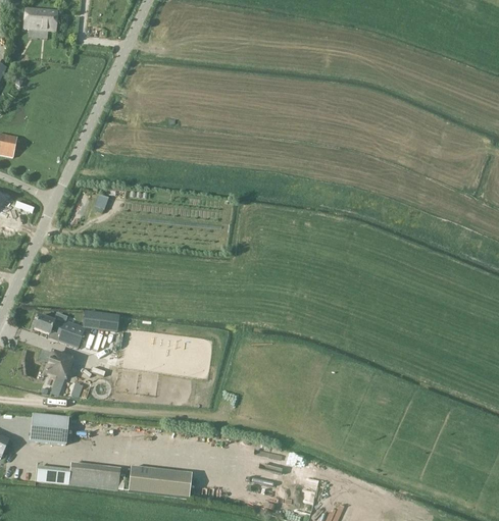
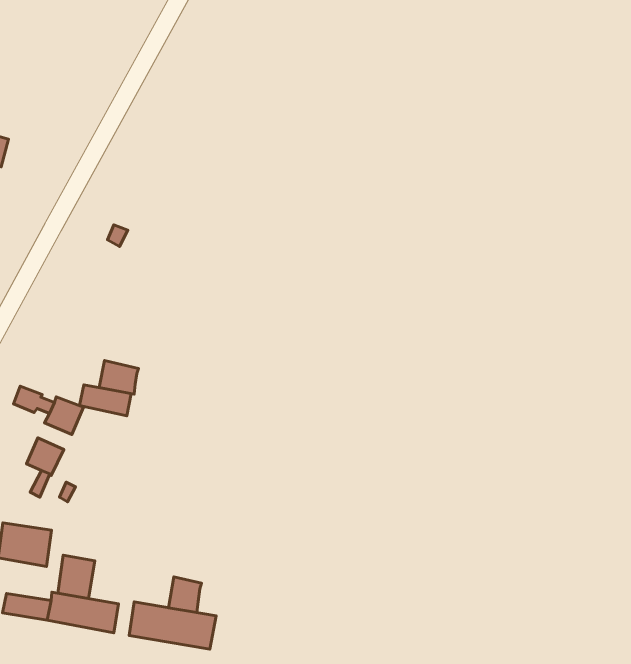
building: none -> [99,361,138,394]
building: none -> [58,555,95,599]
building: none -> [169,577,201,612]

